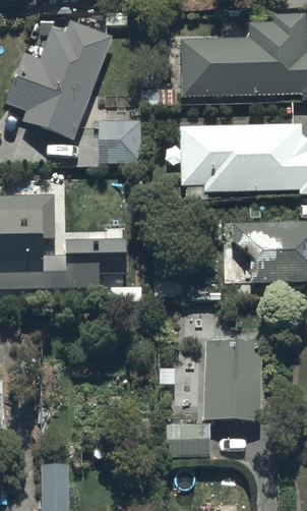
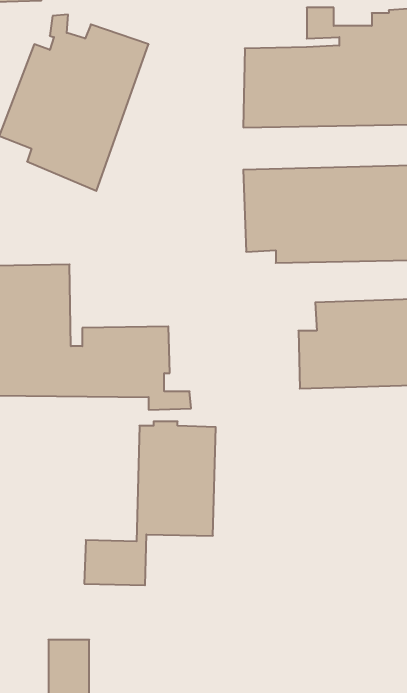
building: [98,119,141,162] -> none
building: [167,338,261,456] -> [84,421,216,585]

